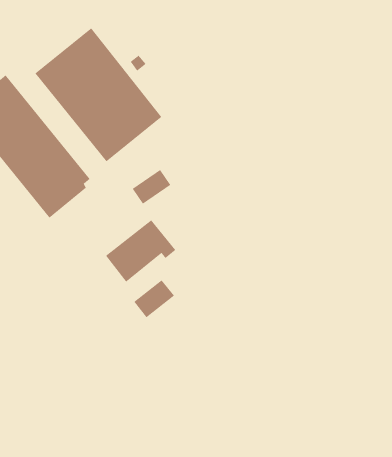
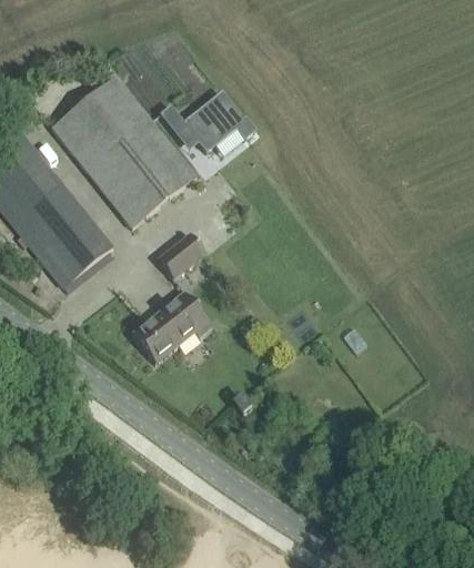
building: none -> [172,109,243,168]
building: [134,279,175,318] -> none

